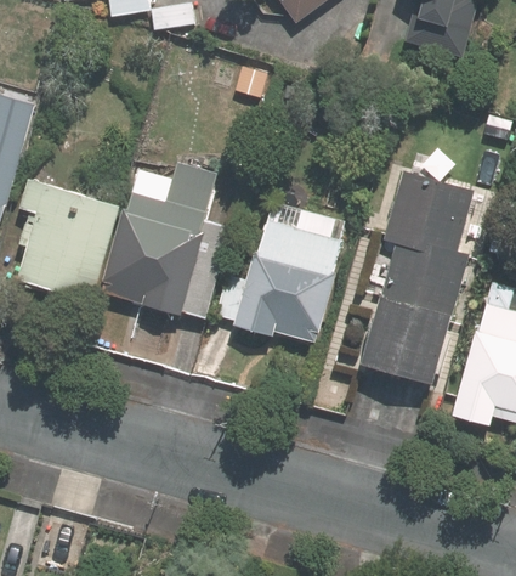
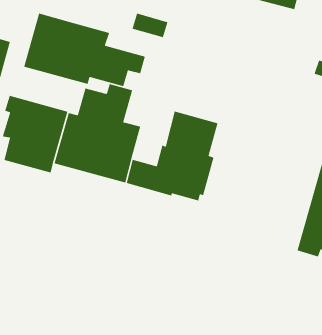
building: none -> [23,13,146,87]
building: [367,174,472,384] -> none

